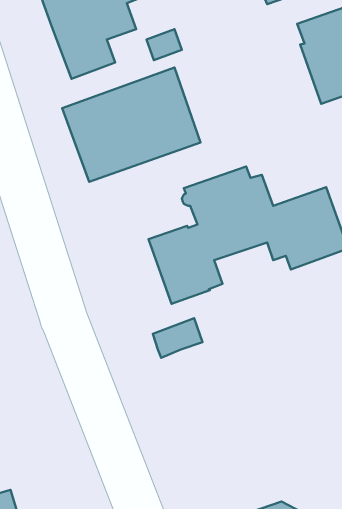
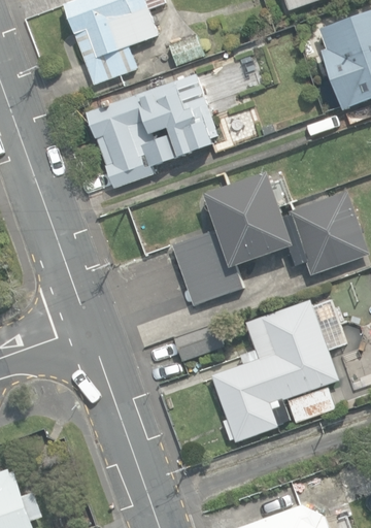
building: none -> [212,298,347,442]

